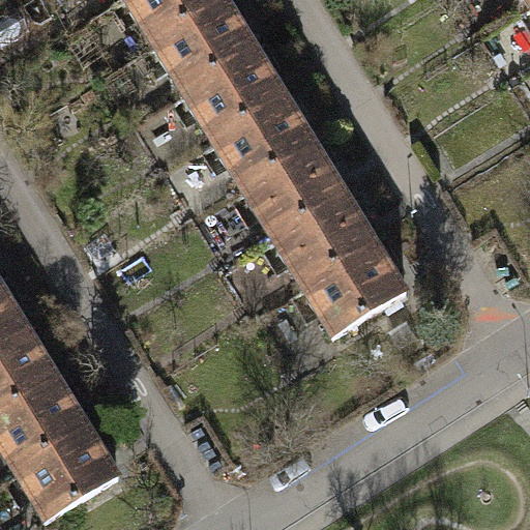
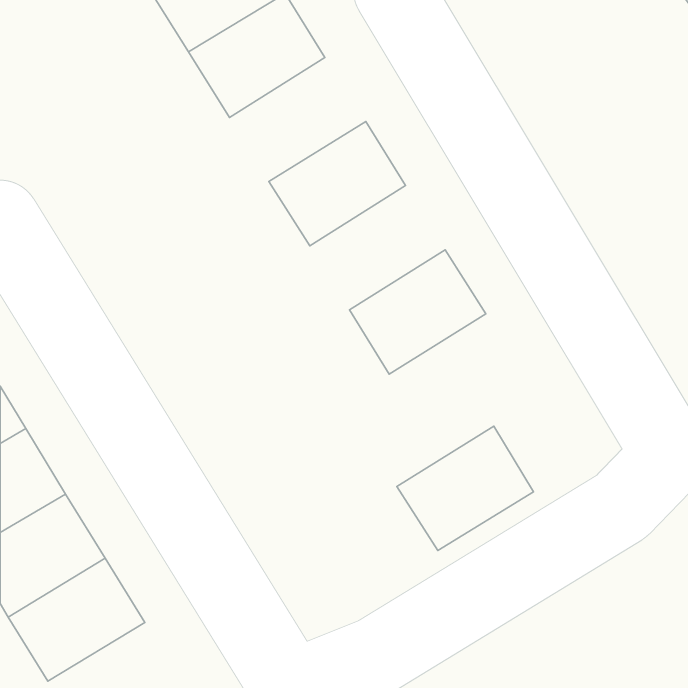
building: [181,43,285,138] -> none
building: [242,141,345,235] -> none
building: [302,238,406,332] -> [397,426,533,551]

